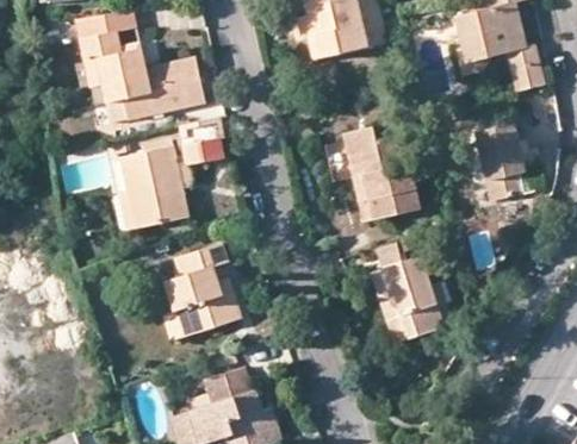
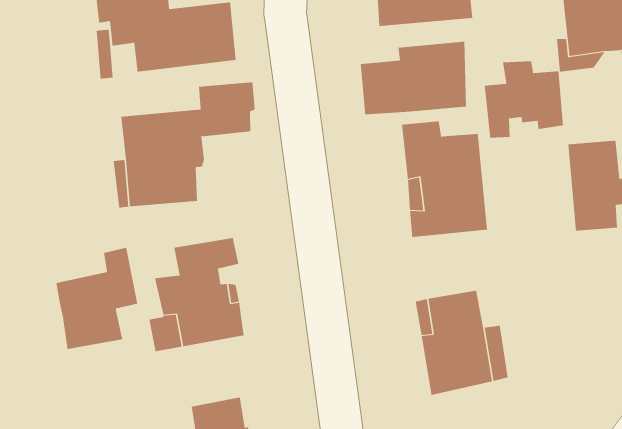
building: none -> [360,41,467,115]
building: none -> [484,61,564,139]
building: none -> [56,247,138,350]

